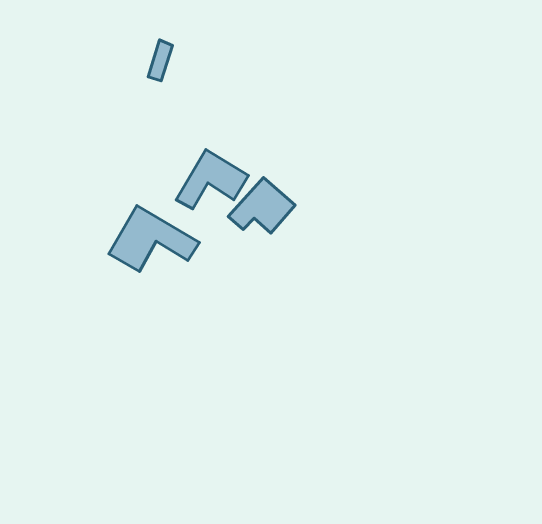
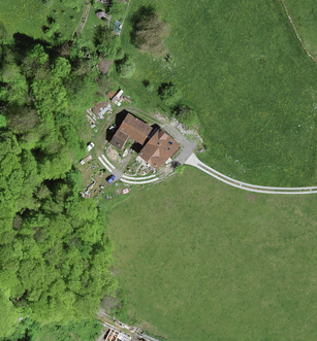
building: [109,205,199,271] -> none

